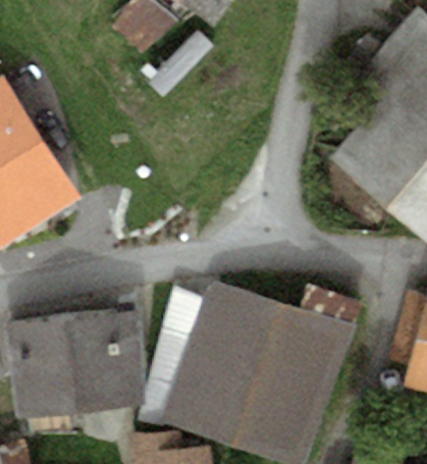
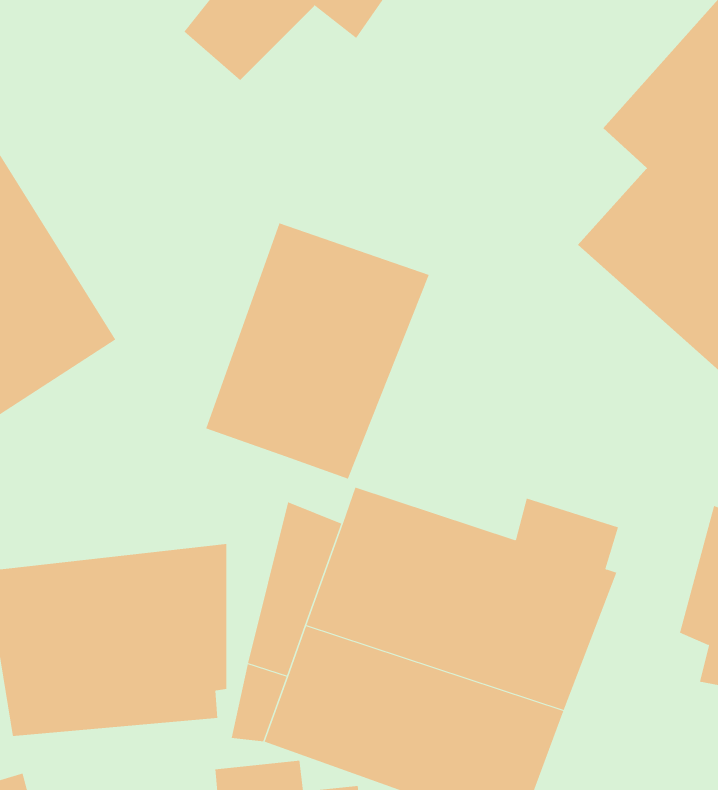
building: none -> [206,223,429,479]

